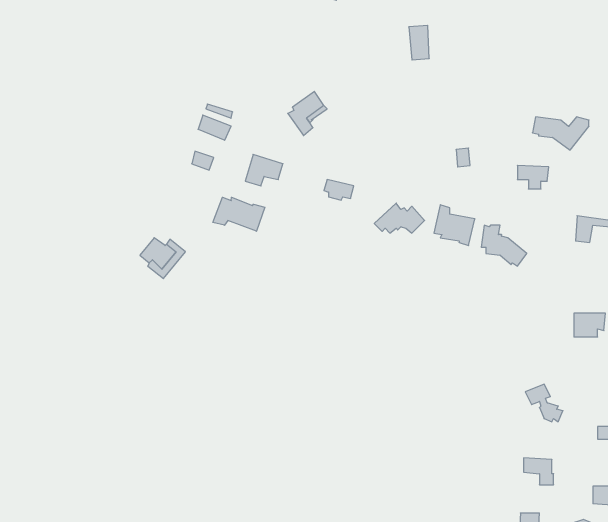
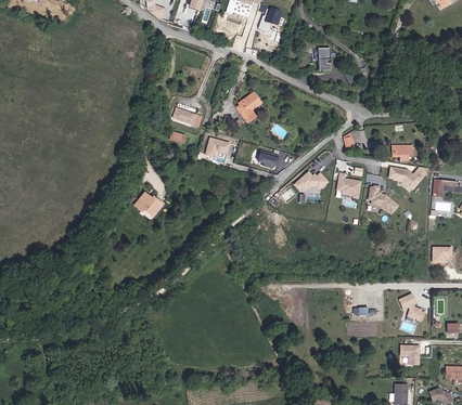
building: [532,117,589,150] -> [389,167,428,190]
building: [213,197,265,231] -> none

